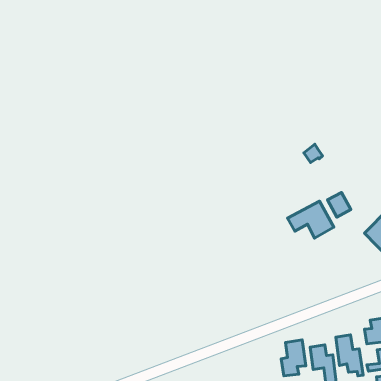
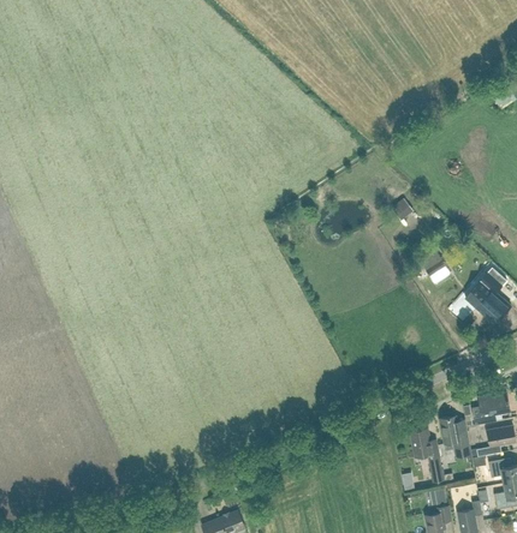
building: [288,201,334,238] -> none
building: [281,340,306,376] -> none

